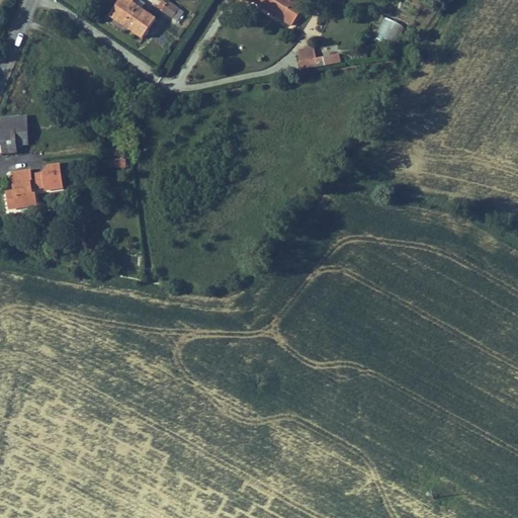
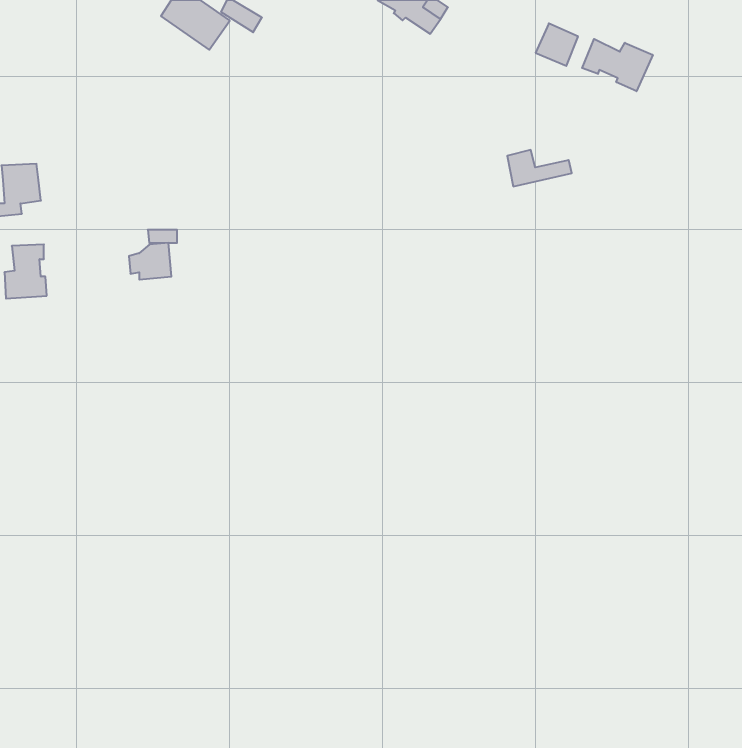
building: none -> [582,39,653,91]
building: [293,46,338,71] -> [507,150,572,186]
building: [34,165,64,190] -> [129,243,171,280]

